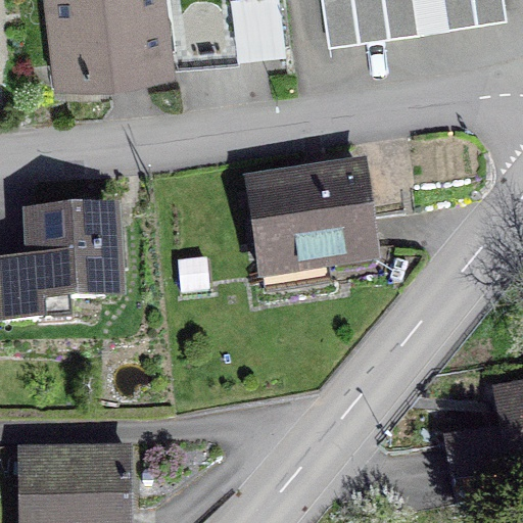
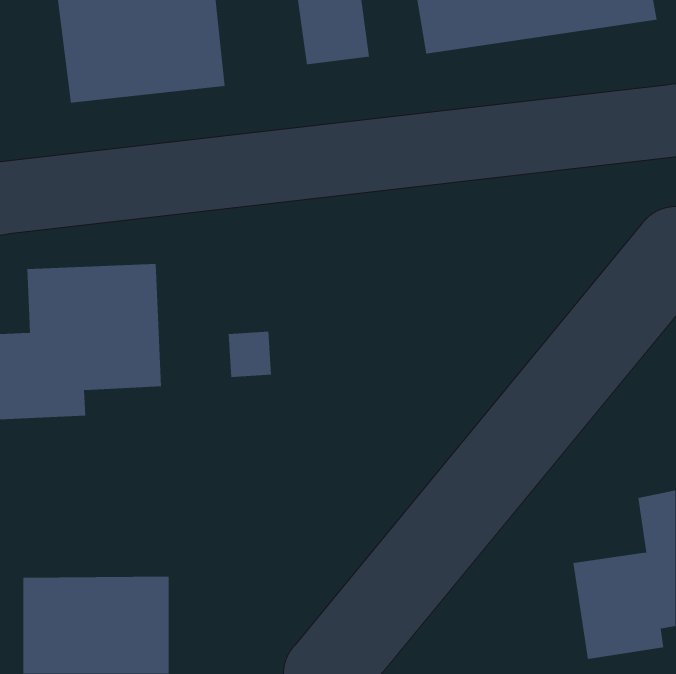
building: [242,157,380,287] -> none

